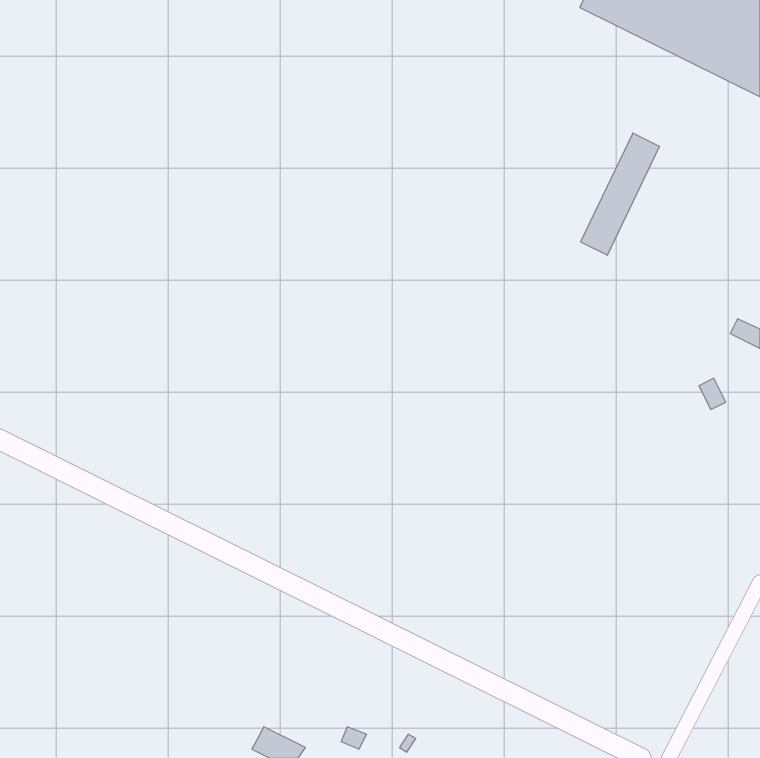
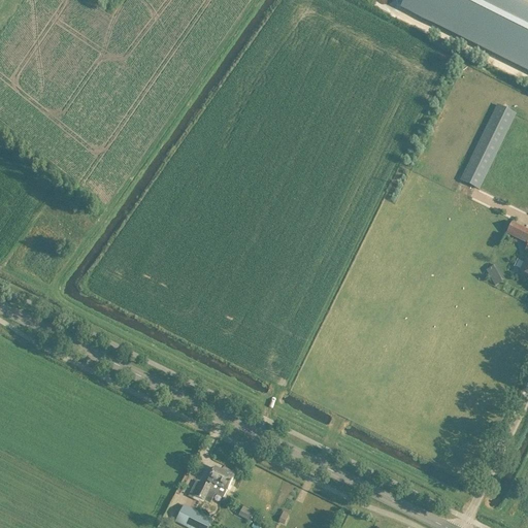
building: [581,133,660,255] -> [460,103,515,188]
building: none -> [192,466,233,499]

